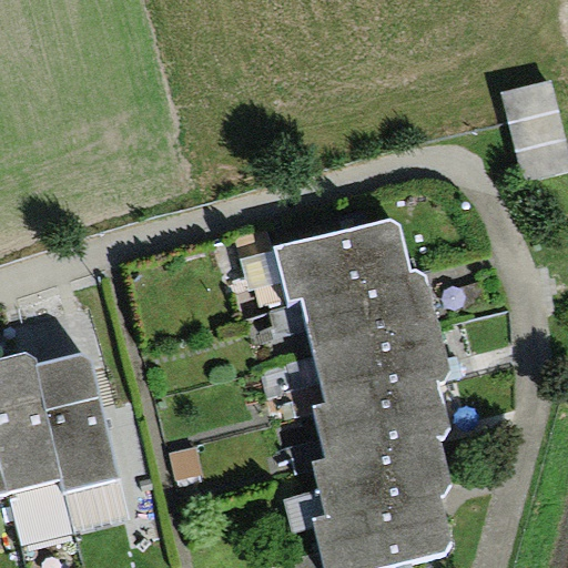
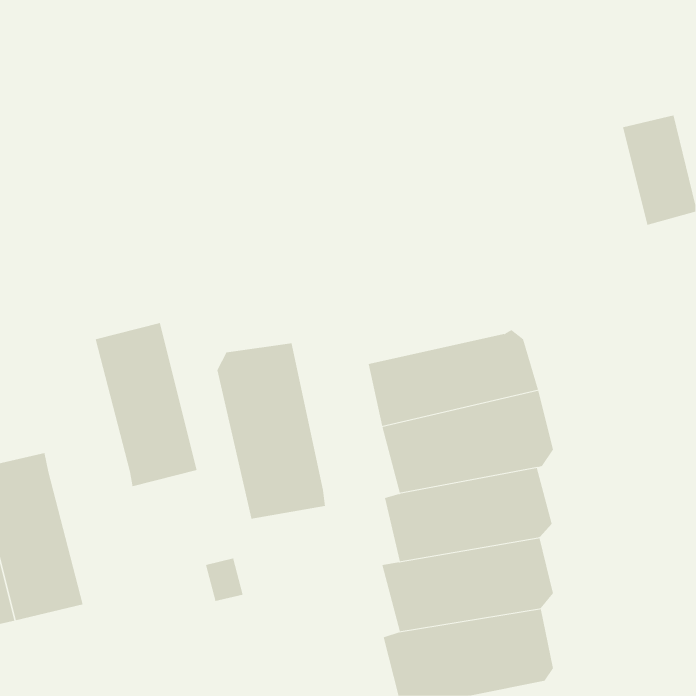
building: [274,219,409,297] -> none
building: none -> [217,343,326,519]
building: [40,369,123,503] -> [95,323,197,487]

